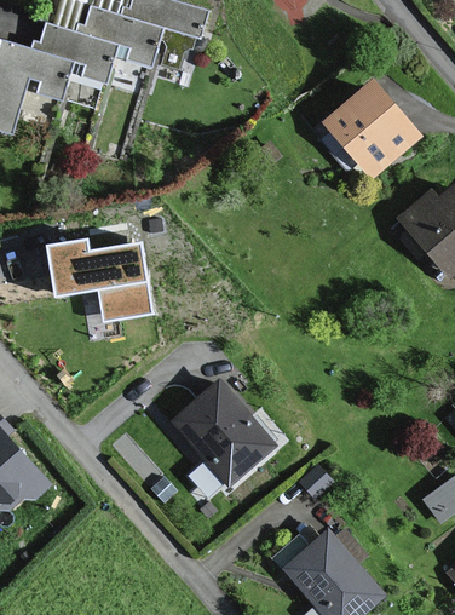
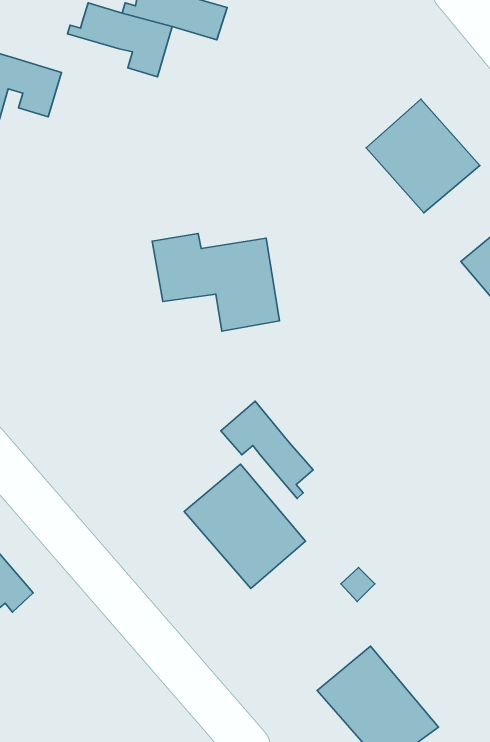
building: [33,22,120,87] -> none
building: [50,238,154,318] -> [152,234,279,331]
building: none -> [221,401,313,499]

